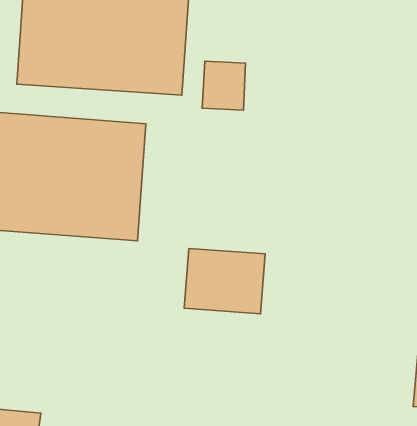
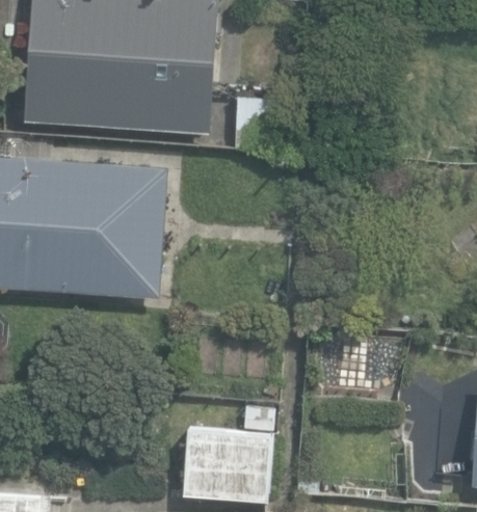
building: [184,248,265,314] -> [181,427,272,501]

